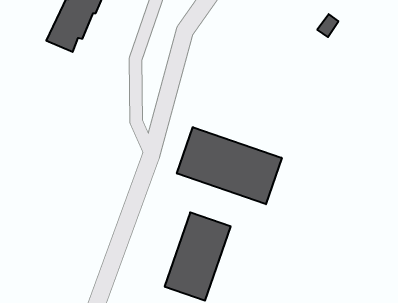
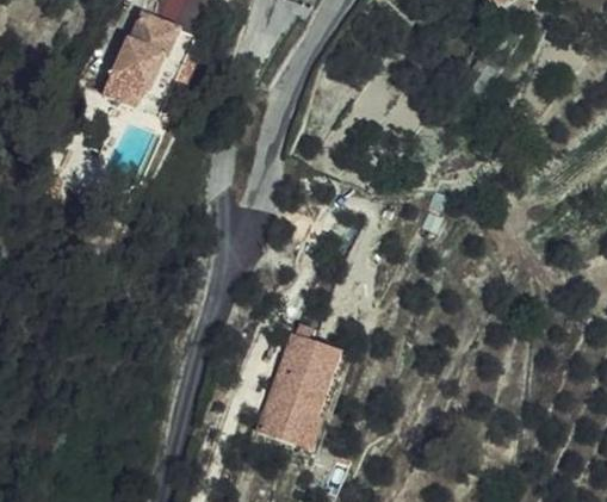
building: [177,127,282,204] -> none

